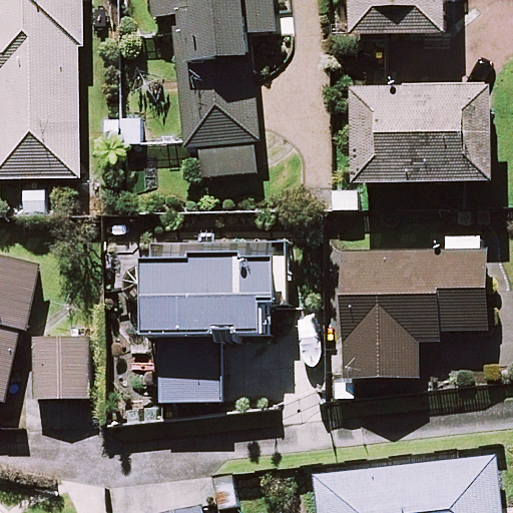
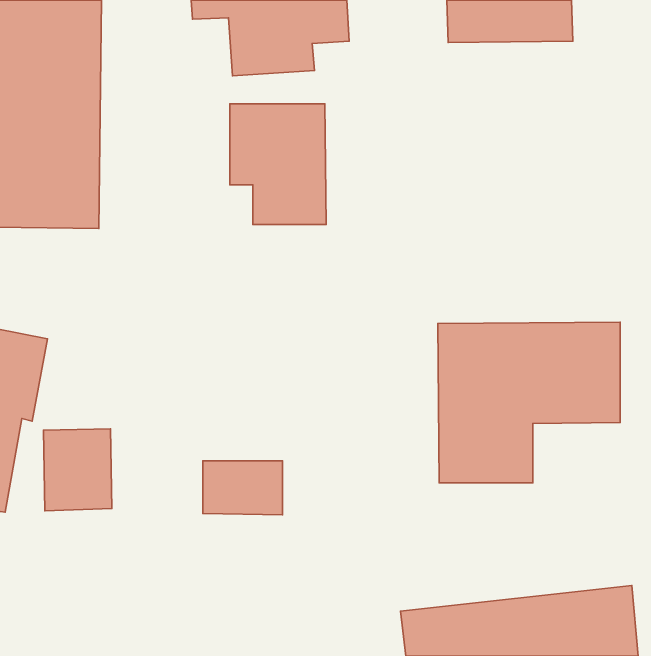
building: [351,84,490,181] -> none
building: [140,249,288,336] -> none

